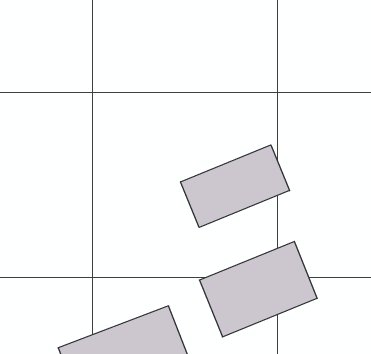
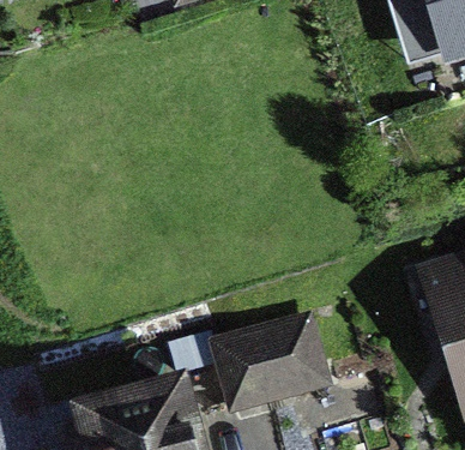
building: [181,145,290,227] -> none

